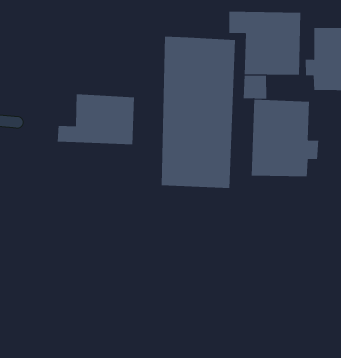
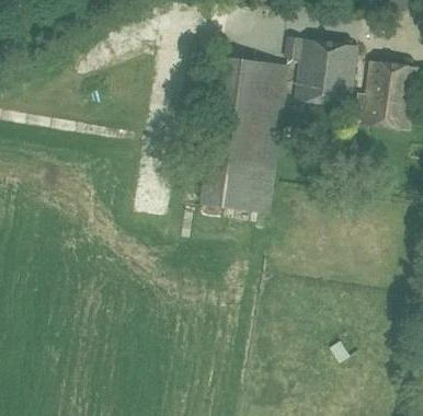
building: [57,94,135,145] -> none
building: [251,99,319,177] -> none

